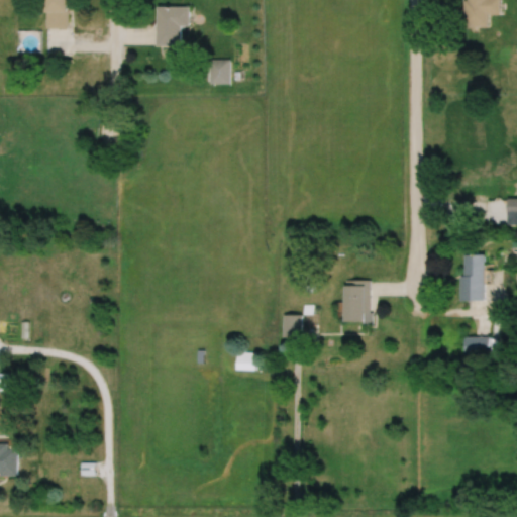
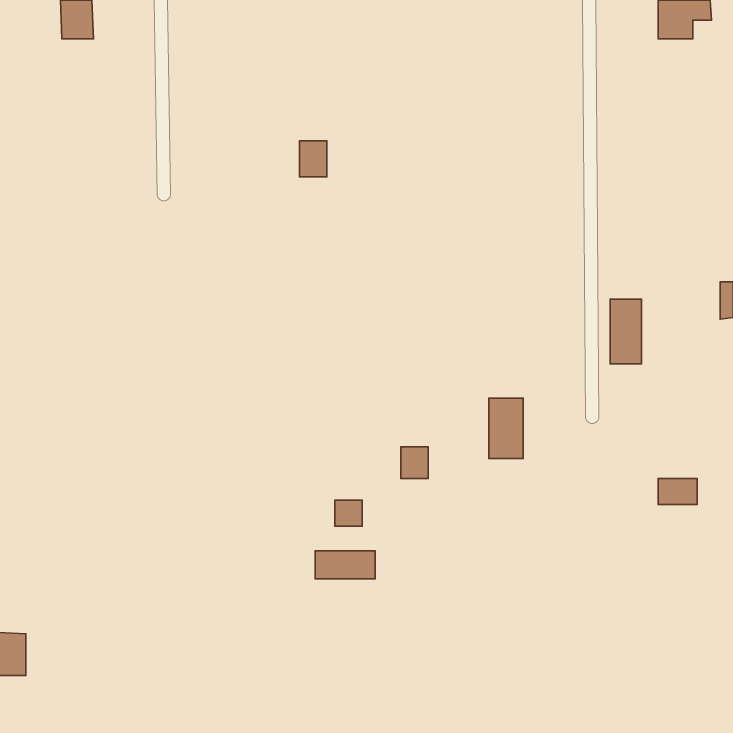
building: [158,7,189,46] -> none
building: [210,60,229,85] -> [300,141,327,177]
building: [461,255,484,301] -> [610,299,642,364]
building: none -> [315,551,375,579]

